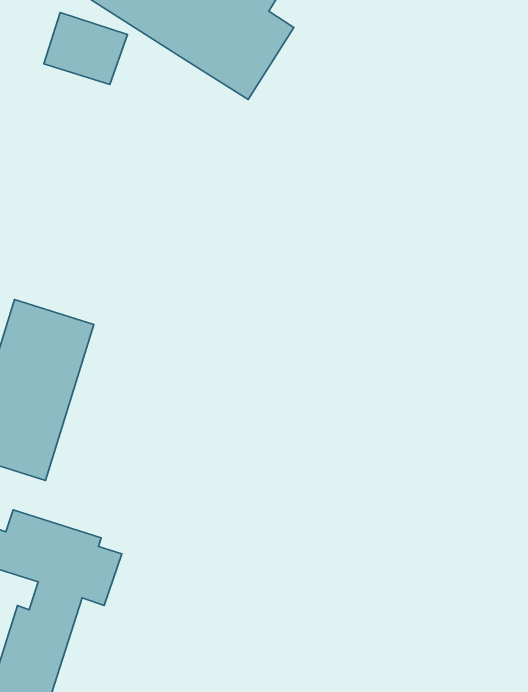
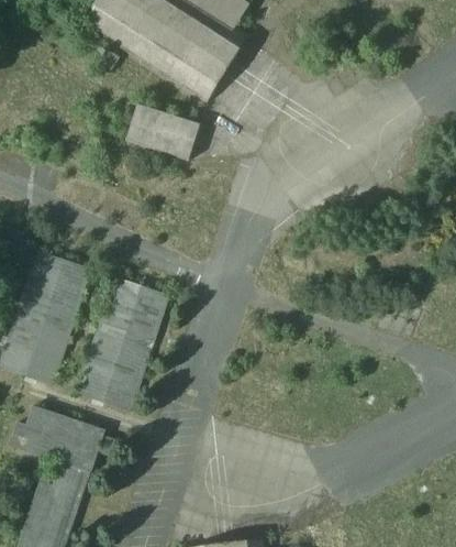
building: [44,13,128,85] -> [126,107,189,161]
building: none -> [74,275,169,409]

